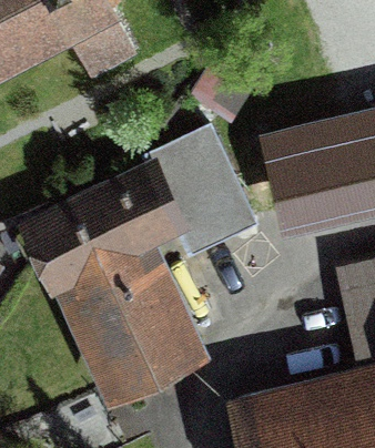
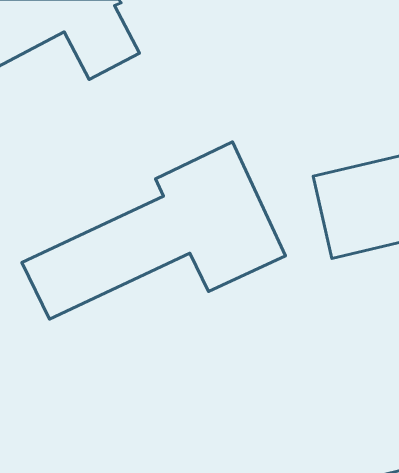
building: [79,266,182,378] -> none

